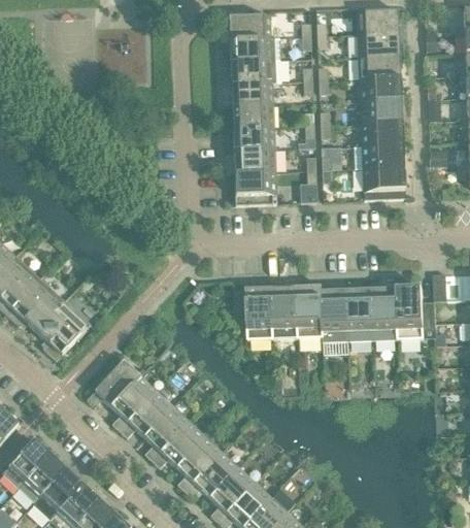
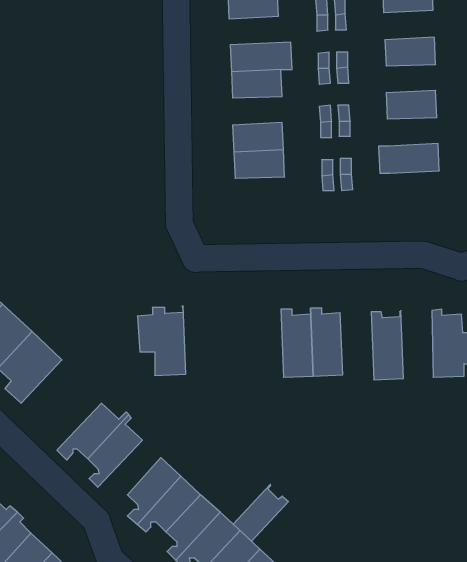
building: [357,32,399,57] -> none
building: [228,37,279,61] -> none
building: [359,77,400,101] -> none
building: [231,104,272,128] -> none
building: [360,122,402,145] -> none
building: [362,166,404,199] -> none
building: [233,171,275,205] -> none
building: [233,282,273,339] -> [137,306,186,375]
building: [371,283,398,339] -> none
building: [321,284,348,341] -> none
building: [119,391,171,437] -> none
building: none -> [233,484,288,541]

